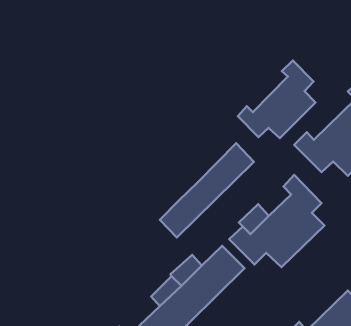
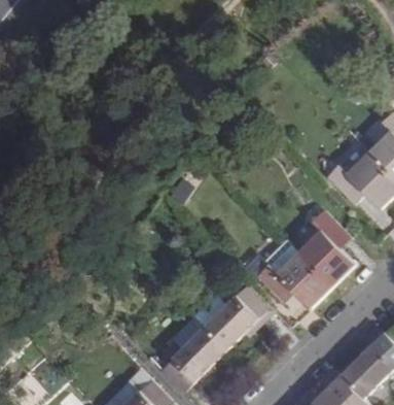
building: [238,60,316,138] -> none
building: [160,143,254,238] -> none

